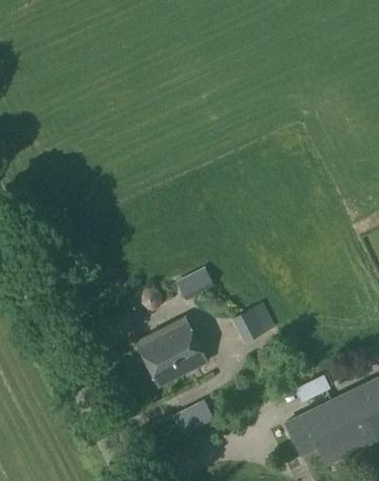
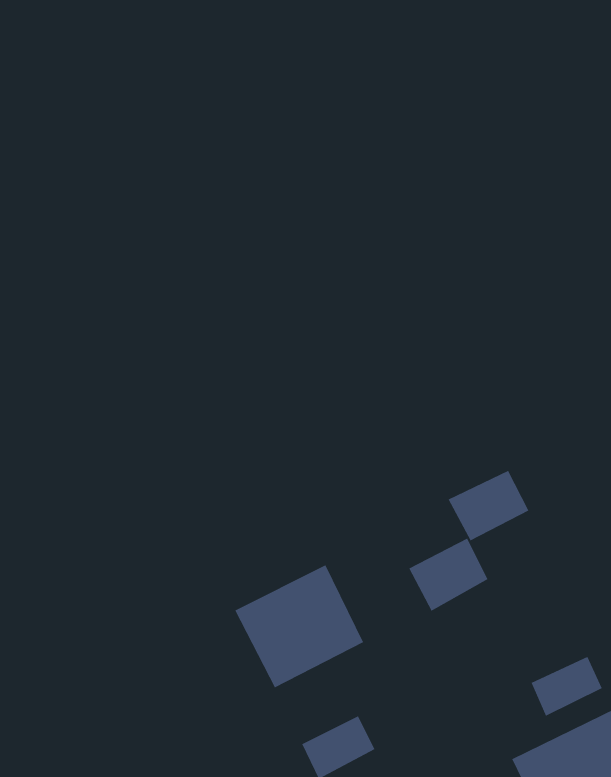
building: none -> [447,470,530,541]
building: [175,268,213,301] -> none

